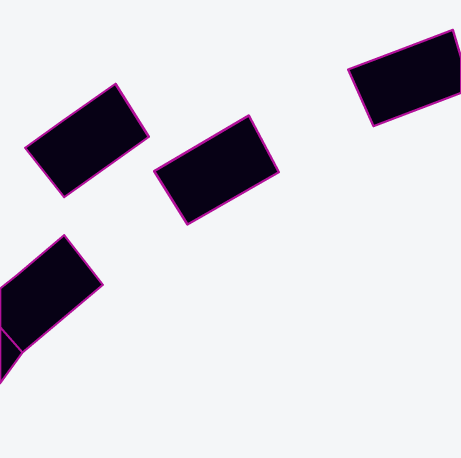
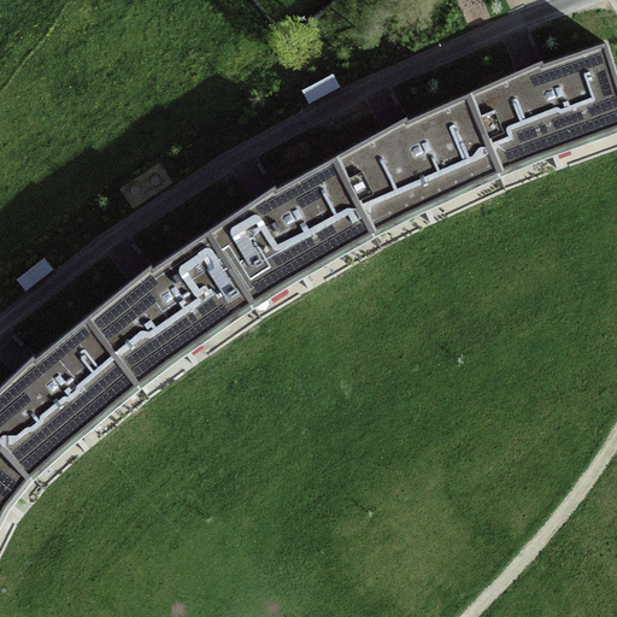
building: none -> [333,96,499,234]
building: [25,84,149,197] -> [86,233,251,384]

